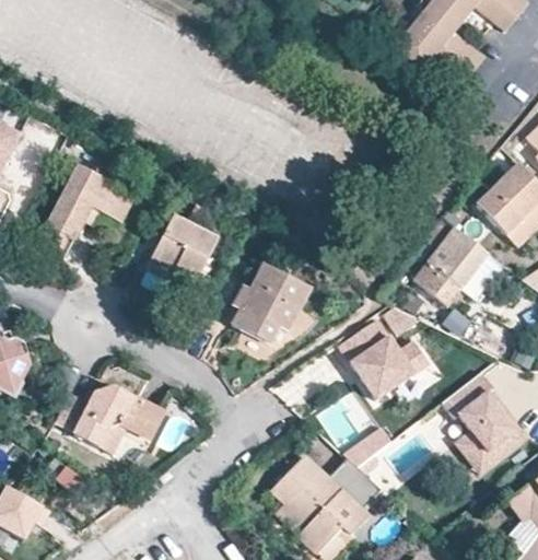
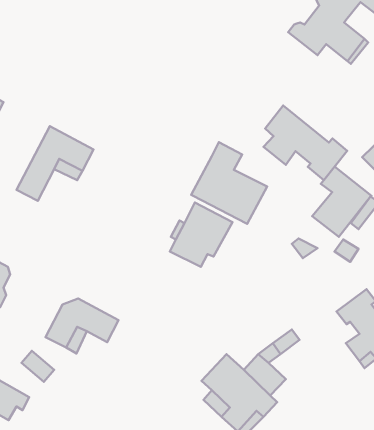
building: none -> [264,106,347,180]
building: none -> [191,142,267,224]
building: [144,214,218,289] -> none
building: [340,319,431,400] -> none

